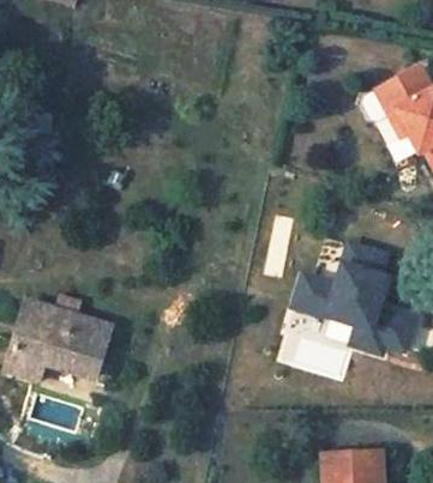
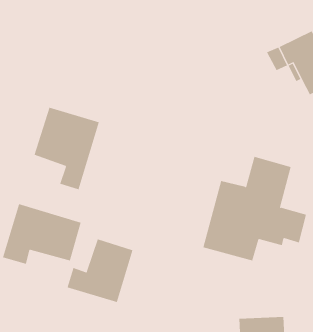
building: none -> [34,107,99,190]
building: none -> [67,238,133,303]

